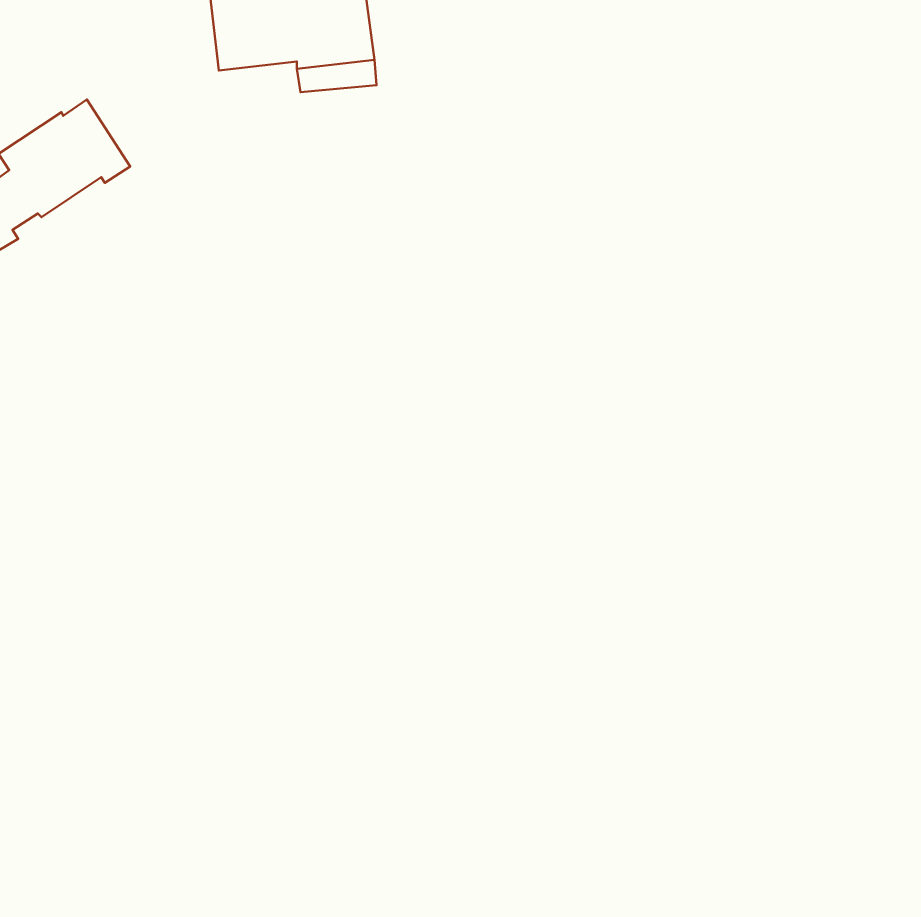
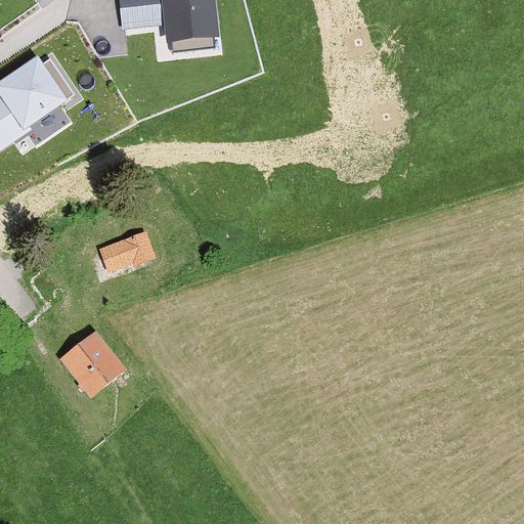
building: none -> [104,232,150,267]
building: none -> [59,329,128,398]

